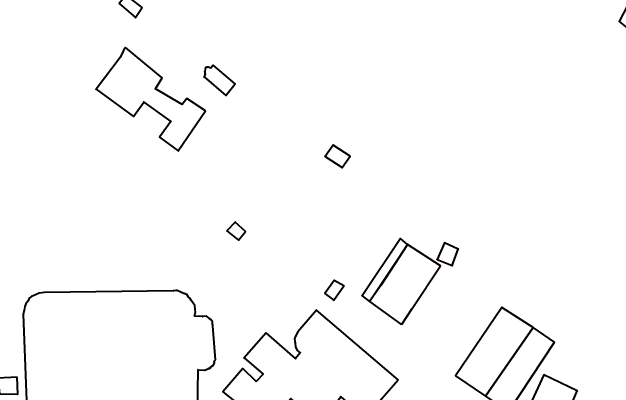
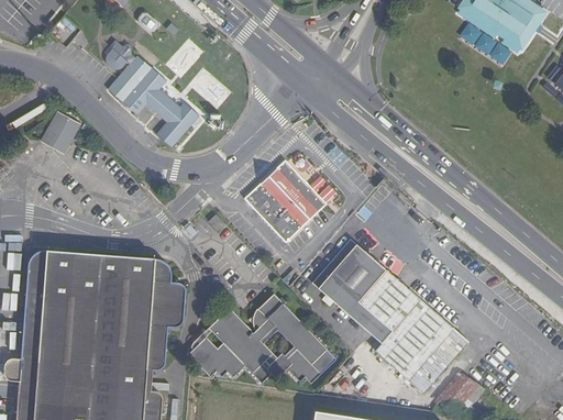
building: none -> [109,42,137,70]
building: none -> [41,109,82,154]
building: none -> [243,159,324,242]
building: none -> [343,268,429,362]

